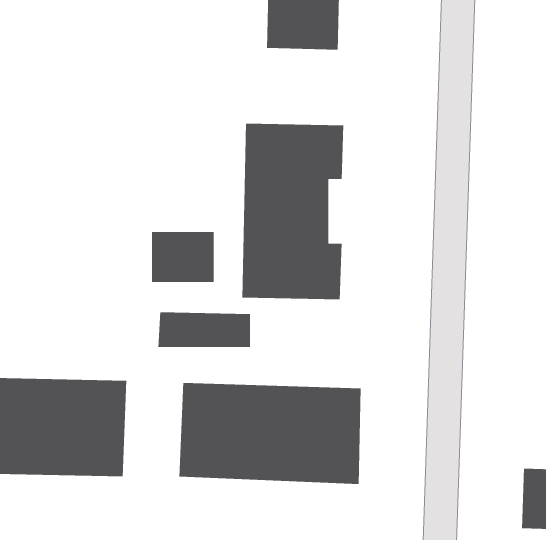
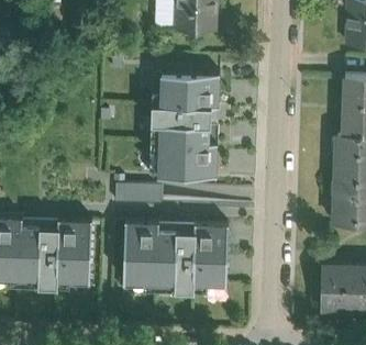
building: [151,231,214,283] -> none

